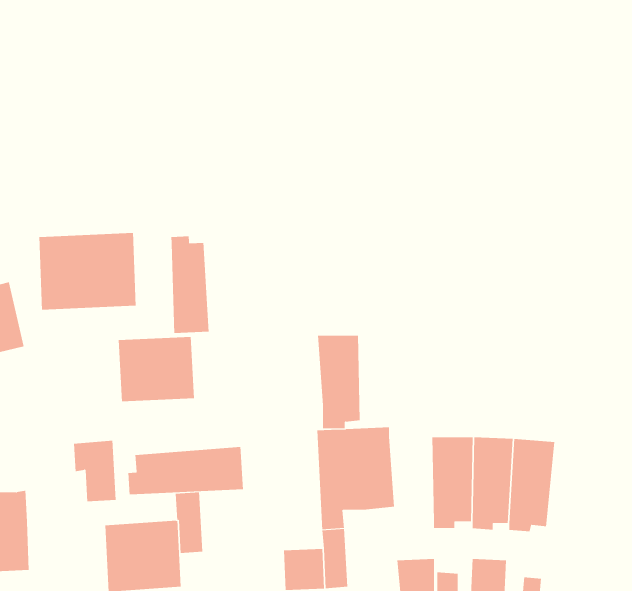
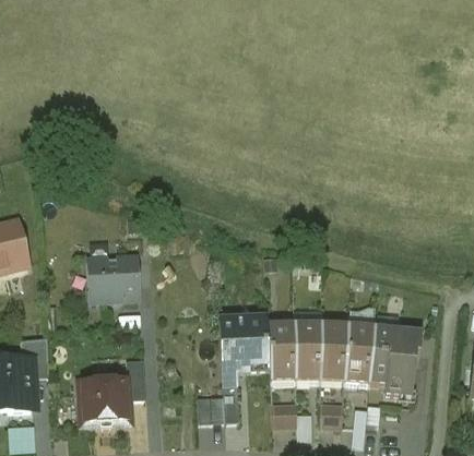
building: [39,232,136,310] -> none
building: [171,236,209,334] -> none
building: [317,335,361,429] -> [266,321,295,382]
building: [73,440,116,502] -> [21,336,49,376]
building: none -> [369,324,420,393]
building: [128,446,244,495] -> none

